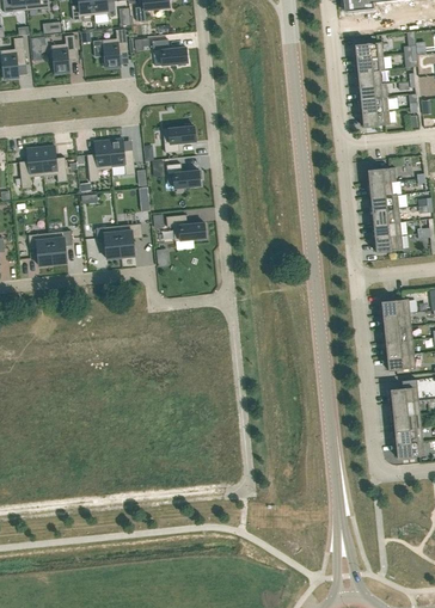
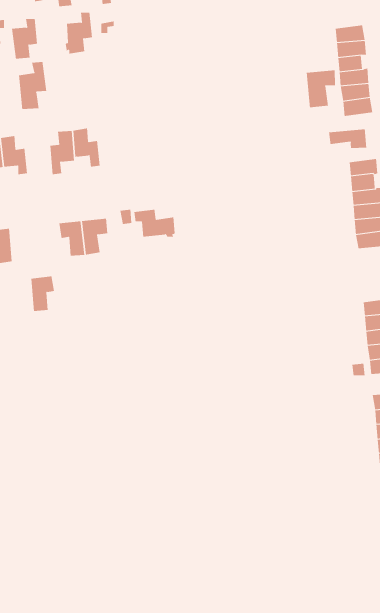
building: [152,38,188,66] -> none
building: none -> [18,61,47,110]
building: none -> [306,69,335,108]
building: [163,123,196,152] -> none
building: none -> [328,128,367,149]
building: [166,162,202,188] -> none
building: [50,229,73,263] -> [31,276,55,311]

